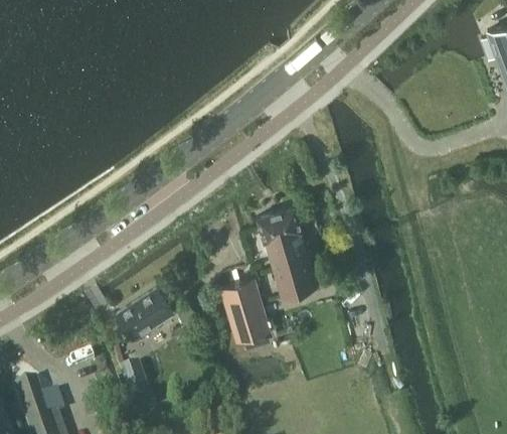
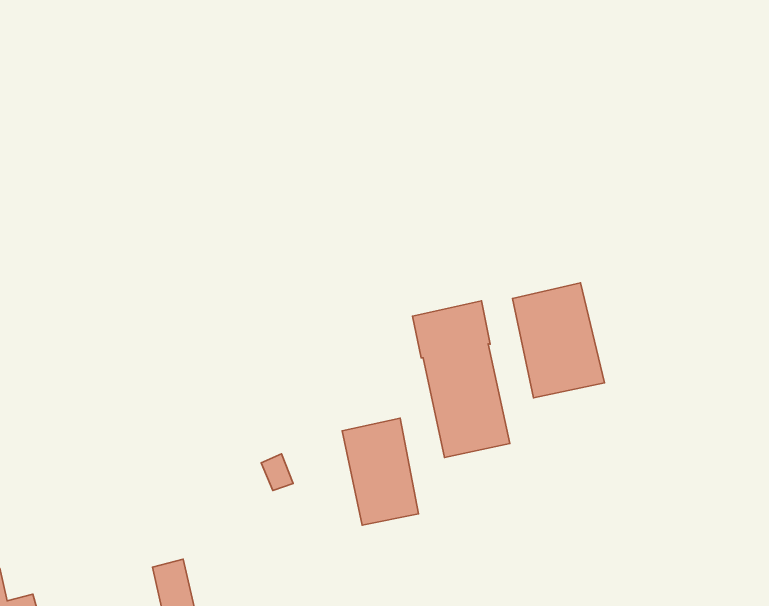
building: none -> [512,283,604,398]
building: [118,291,174,342] -> none

